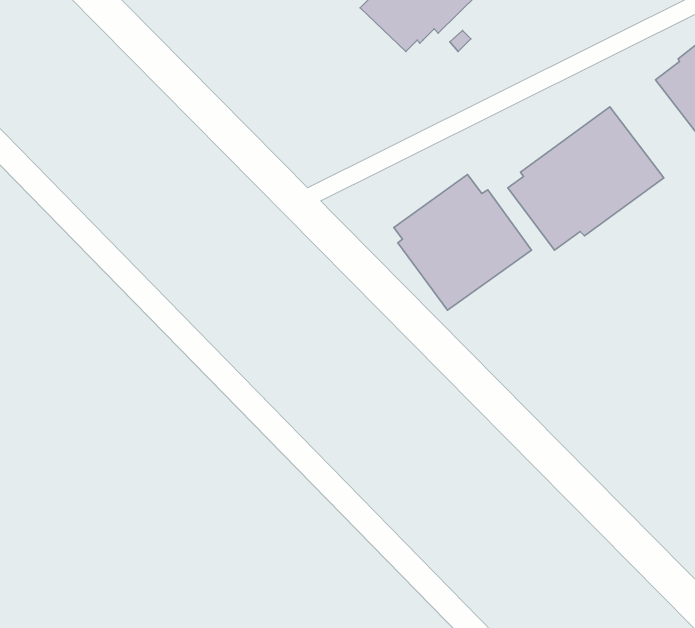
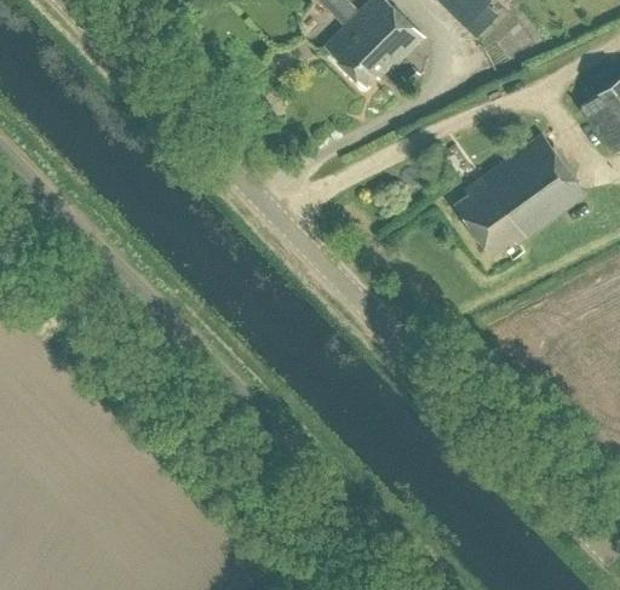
building: [394,174,532,310] -> none

